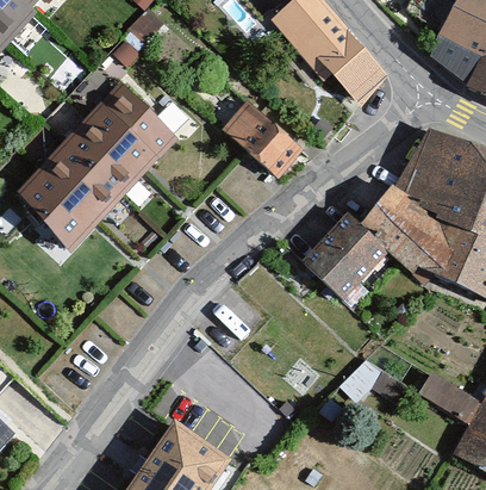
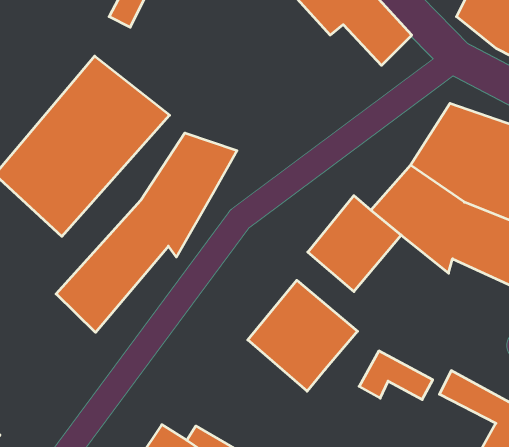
building: [222,106,299,175] -> none
building: none -> [56,133,237,332]
building: none -> [248,280,358,391]

